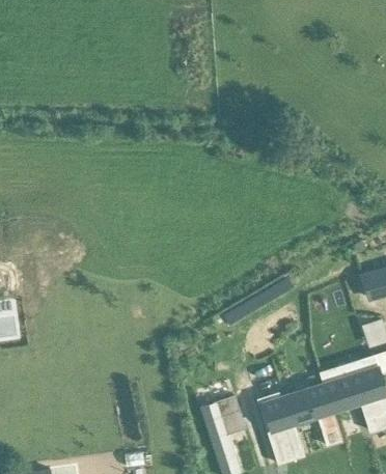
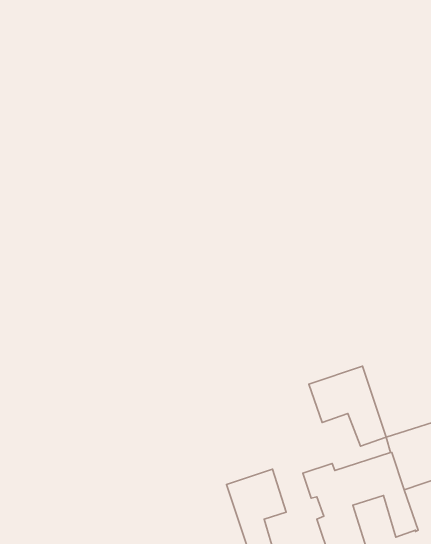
building: none -> [309,366,386,446]

